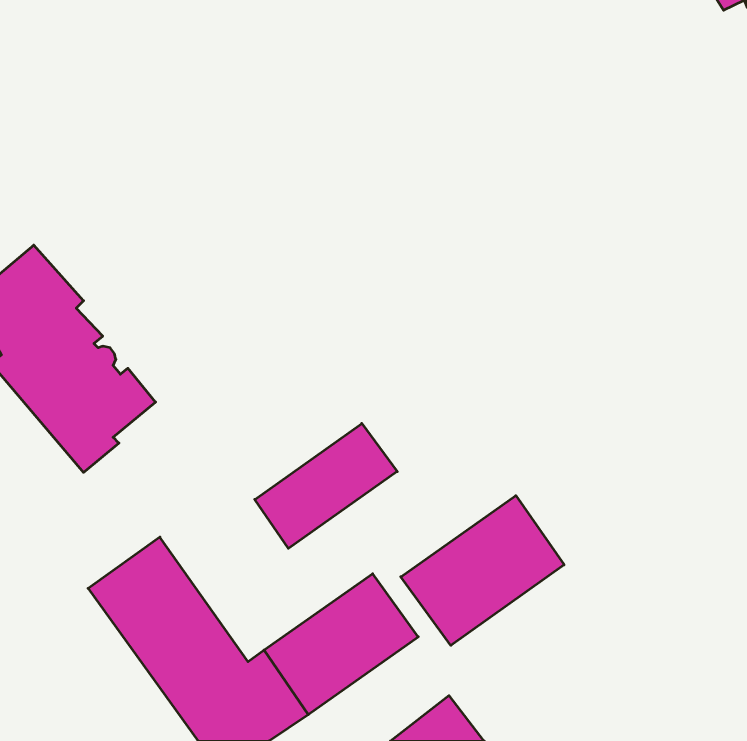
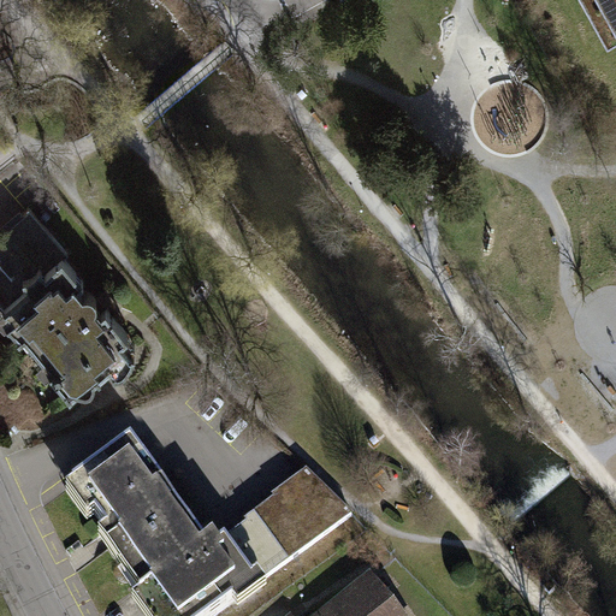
building: [255,423,397,548] -> none
building: [401,496,564,645] -> none

